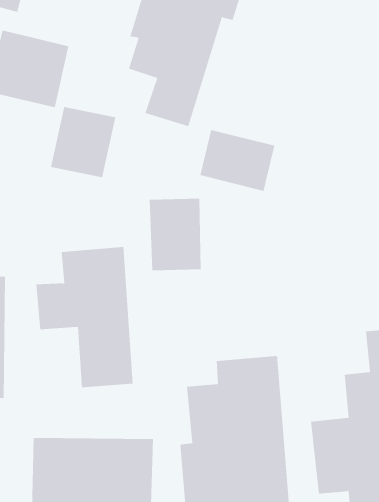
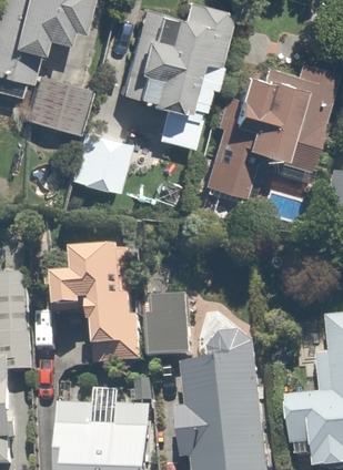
building: none -> [229,60,333,161]
building: [149,198,201,271] -> [145,294,189,354]

